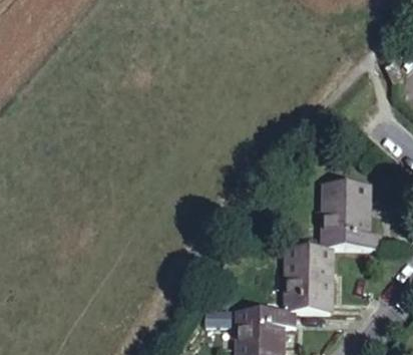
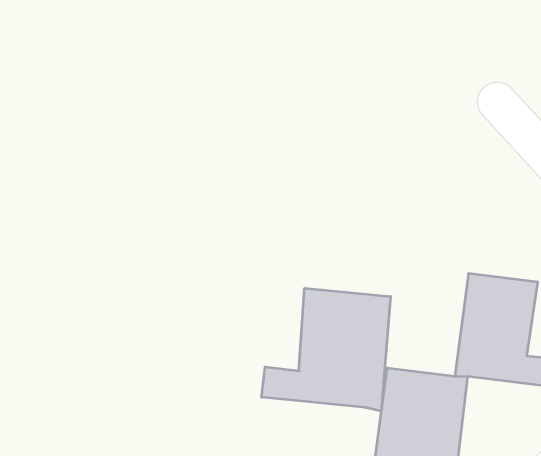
building: none -> [262,288,391,411]

